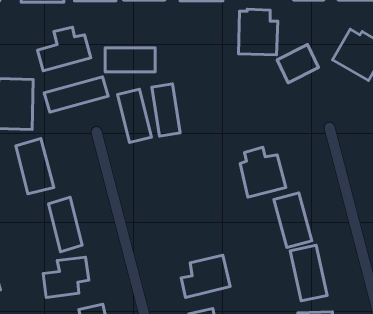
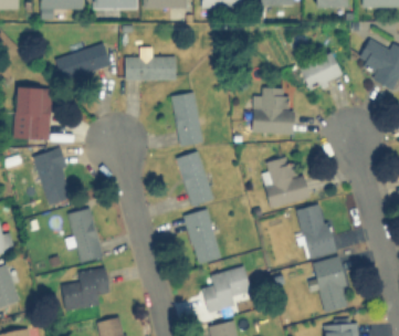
building: [239,9,278,55] -> [253,87,293,134]
building: [44,77,108,112] -> none
building: [118,89,151,142] -> [178,151,212,206]
building: none -> [185,209,220,264]

